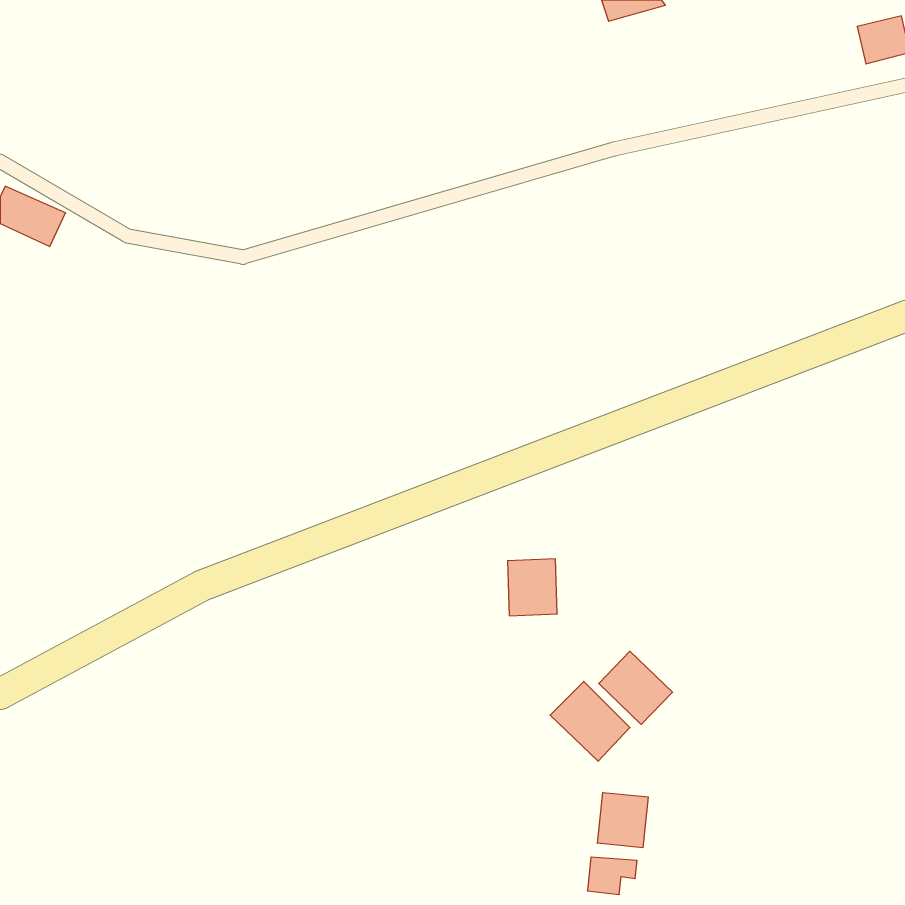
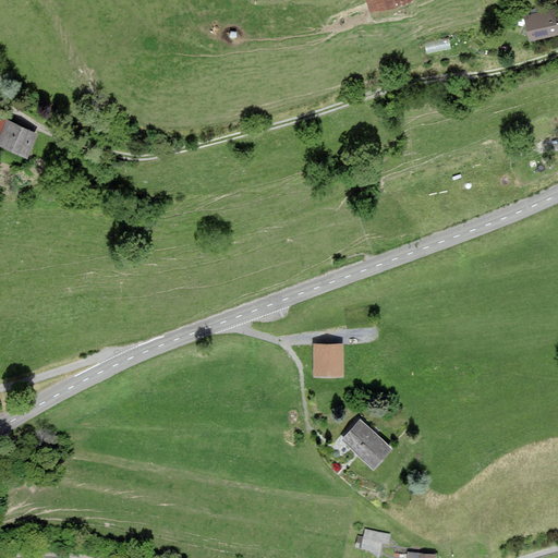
building: [599,651,673,724] -> none
building: [597,792,648,848] -> none

